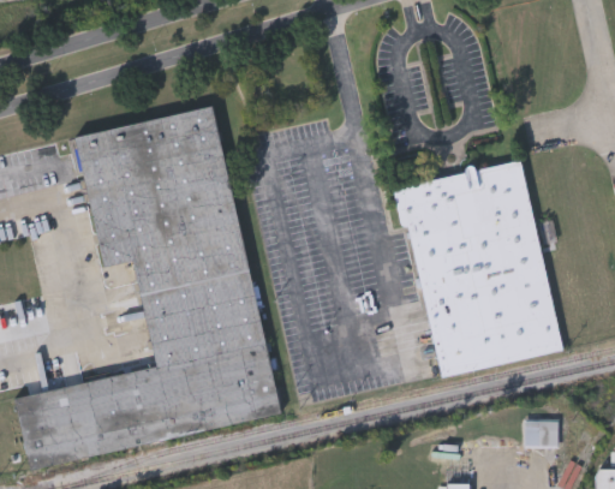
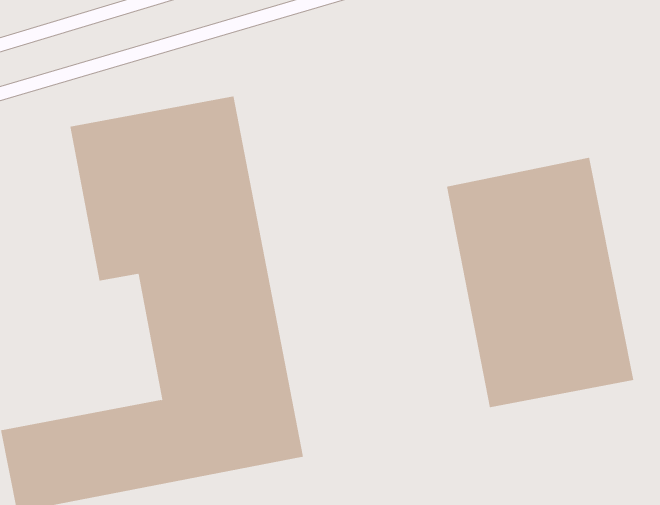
building: [526,421,560,445] -> none

